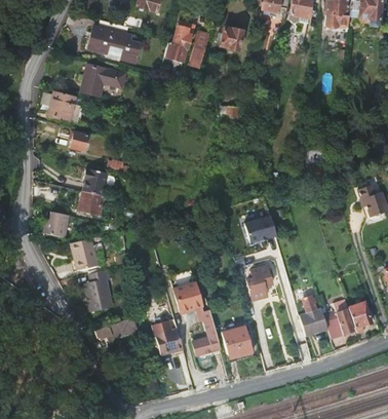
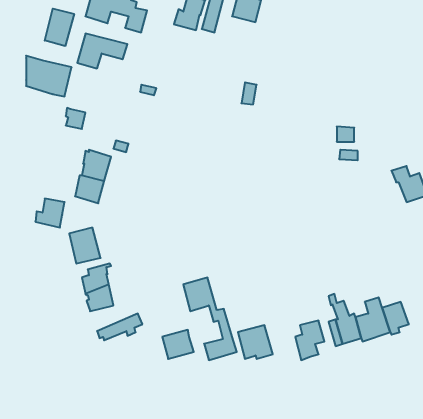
building: none -> [45,9,74,46]
building: [245,215,277,242] -> none
building: [246,265,272,300] -> [295,321,324,360]

